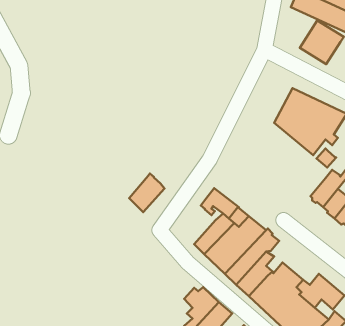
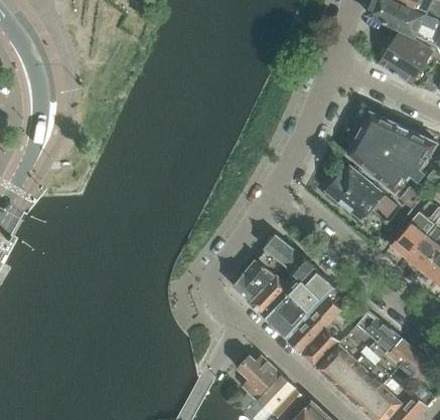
building: none -> [325,167,401,225]
building: [129,173,165,212] -> [233,255,276,302]
building: none -> [357,311,402,352]

